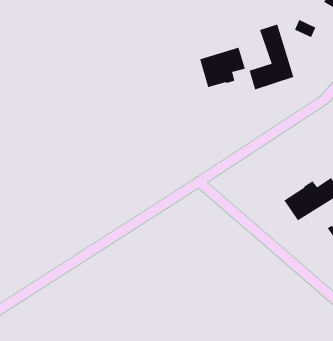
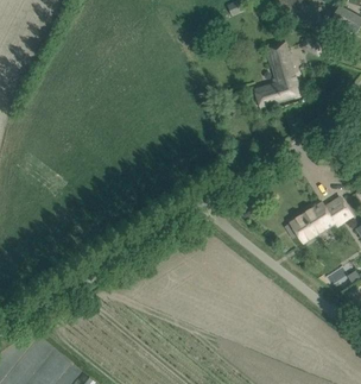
building: [200,47,246,88] -> none

